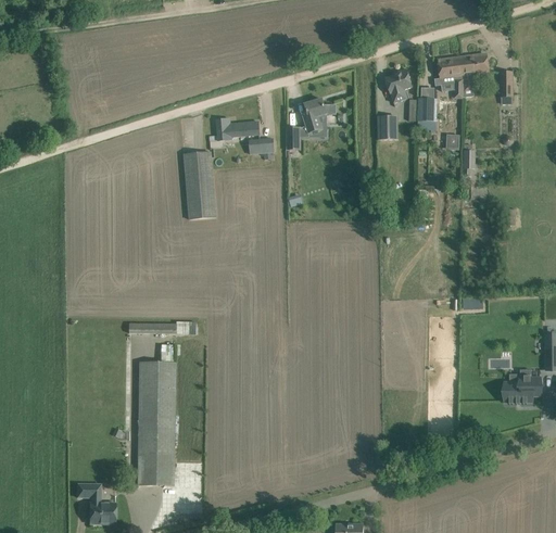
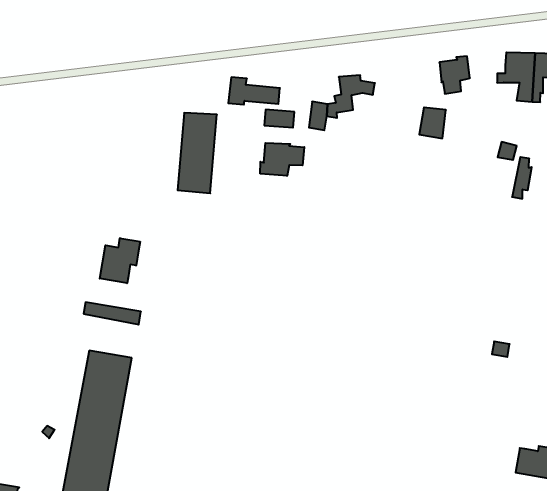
building: [418,99,438,128] -> none
building: none -> [260,143,304,176]
building: none -> [100,238,140,283]

